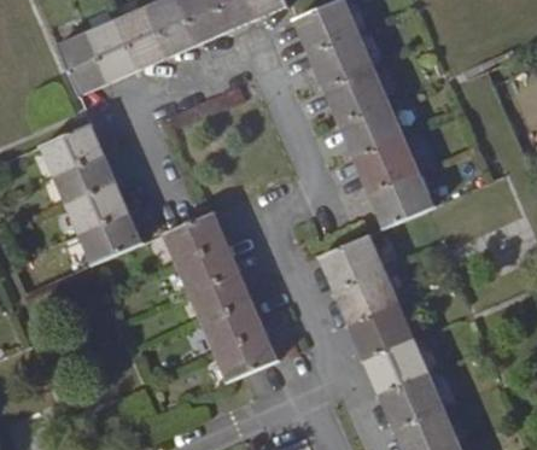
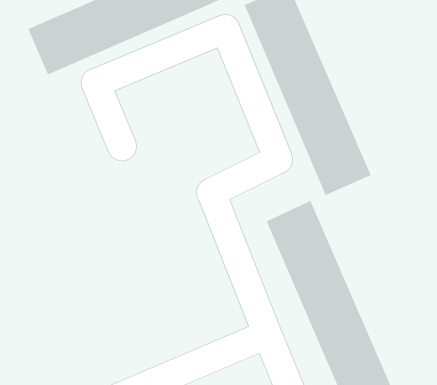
building: [40,122,142,263] -> none
building: [163,211,278,381] -> none

